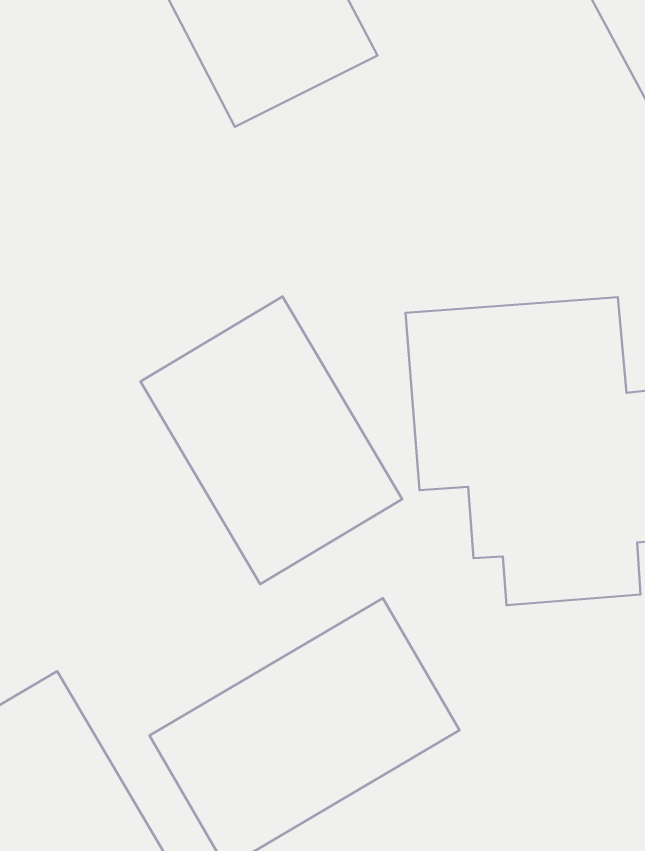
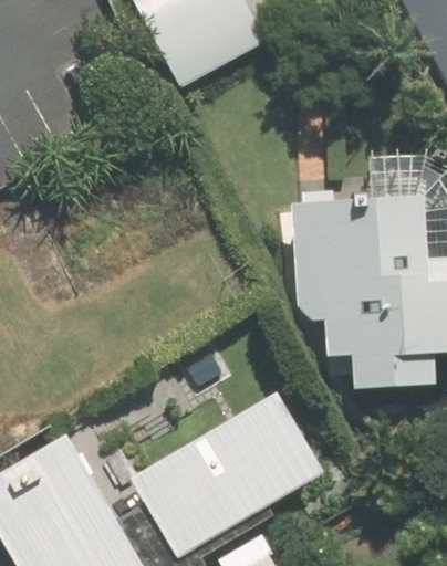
building: [140,296,402,584] -> none

